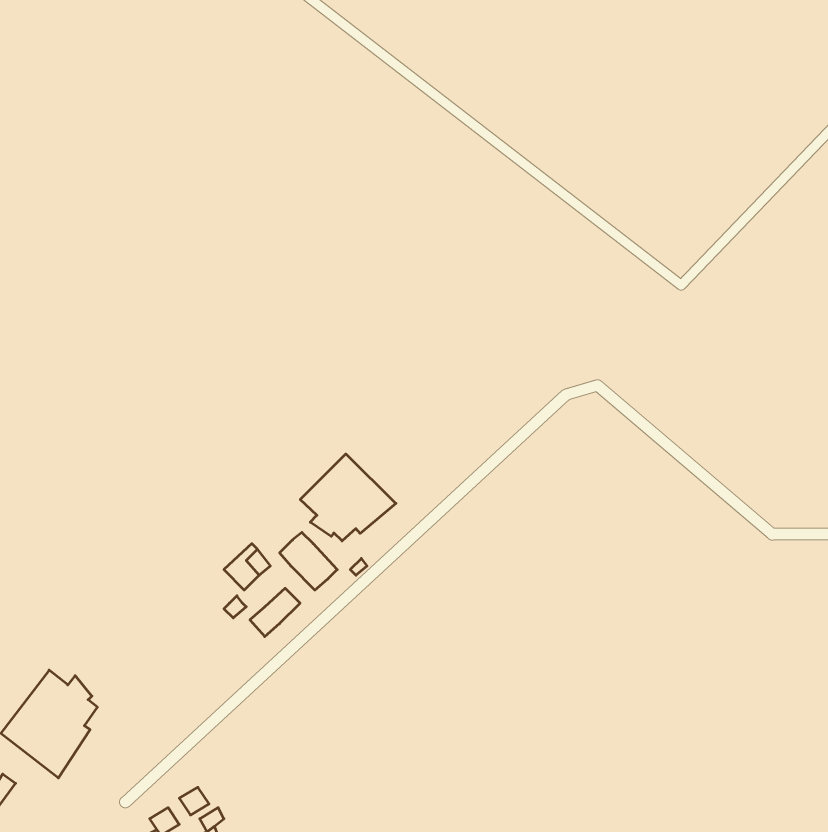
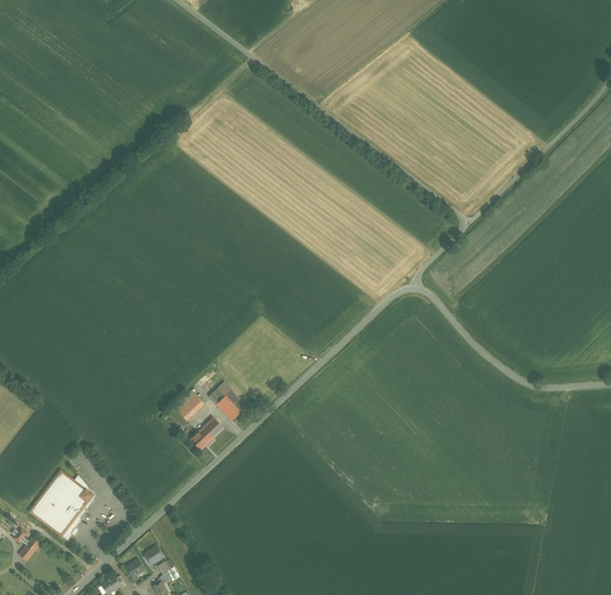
building: [300,454,396,541] -> none

